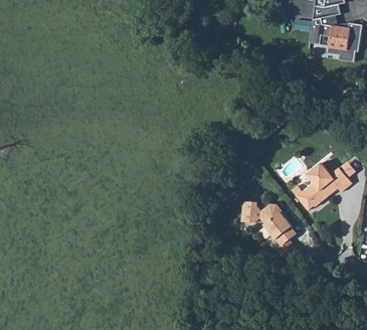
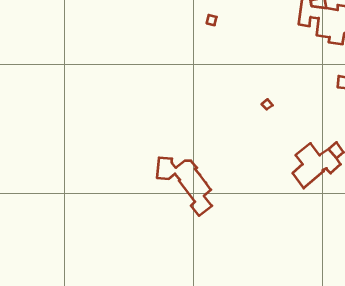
building: [241,201,297,260] -> [157,158,212,216]

